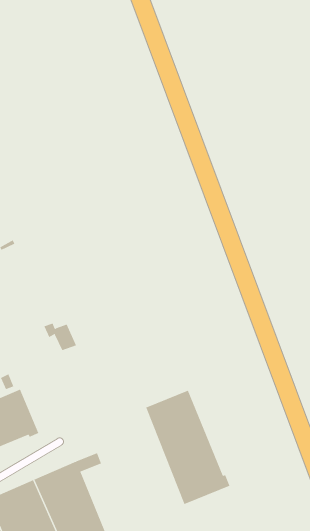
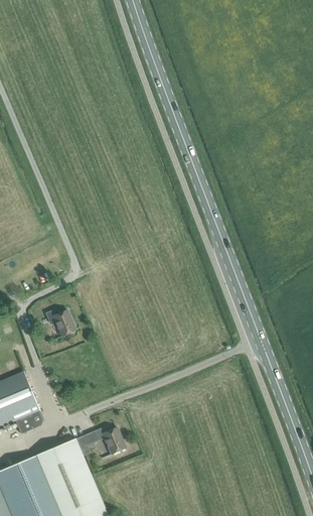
building: [146,390,230,505] -> none
building: none -> [96,426,126,454]

